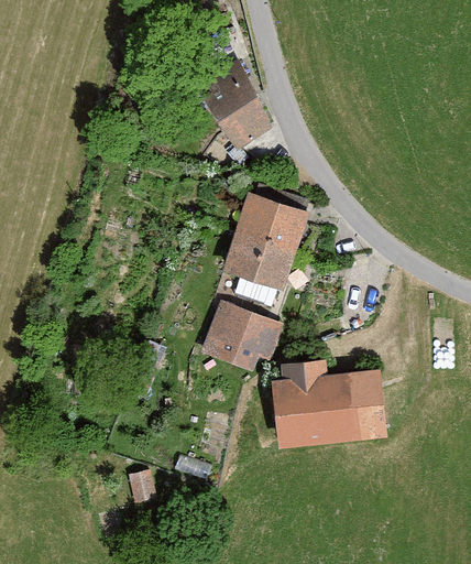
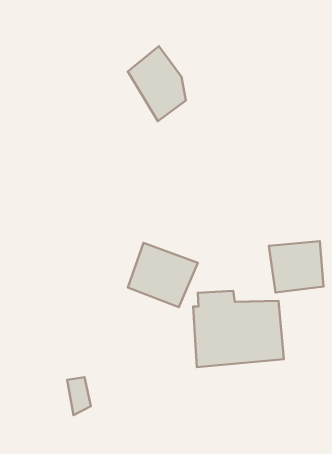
building: [222,188,309,292] -> none
building: none -> [269,241,323,292]

